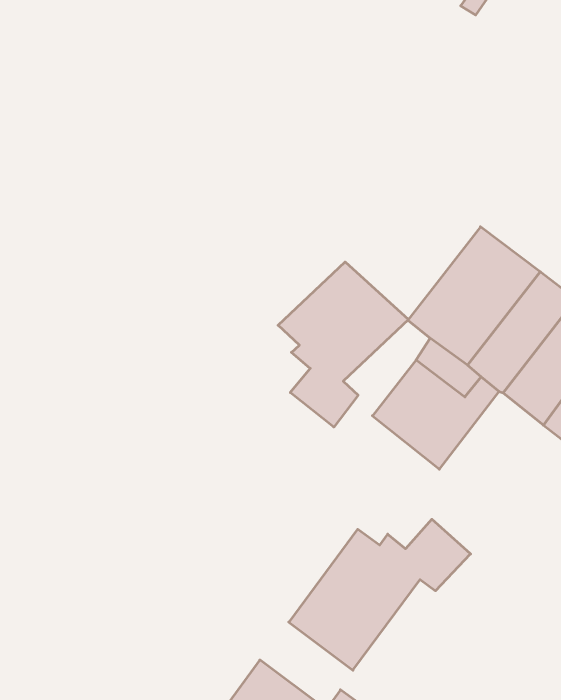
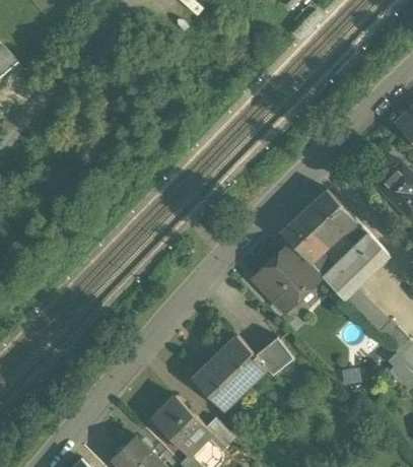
building: [278,262,408,427] -> none

